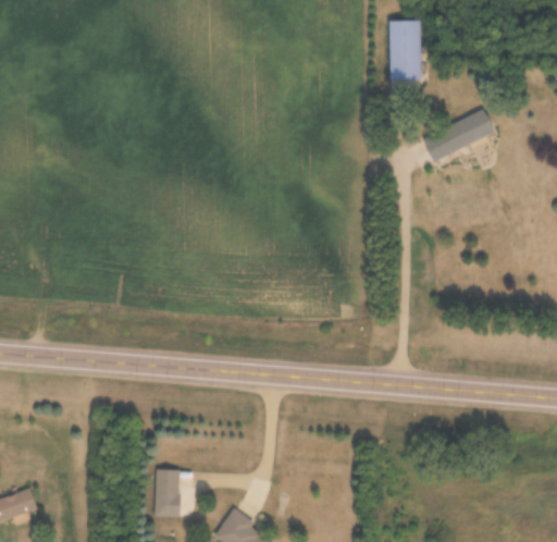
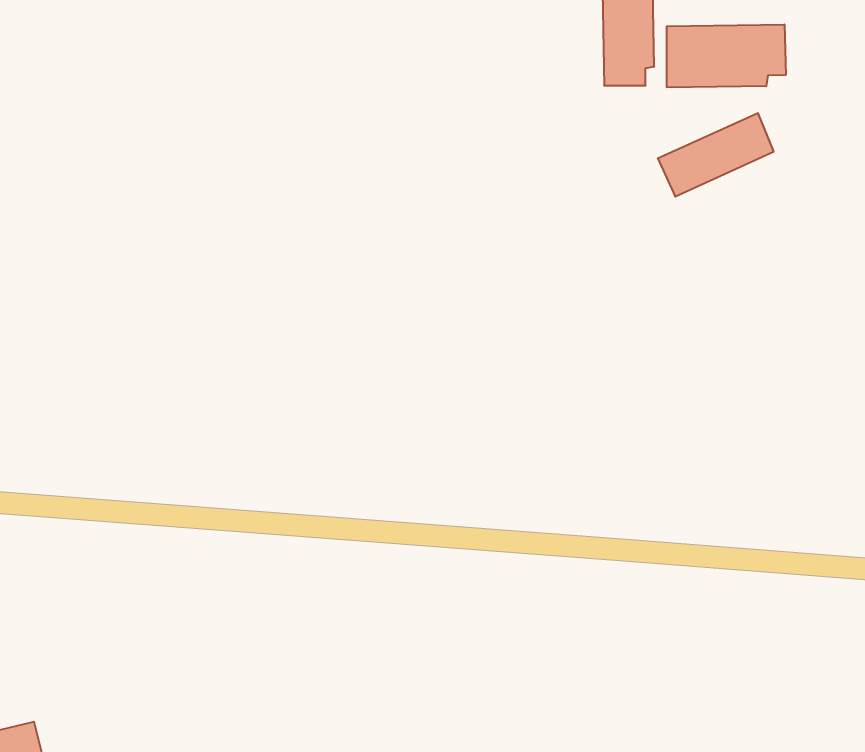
building: none -> [667,24,786,87]
building: [156,470,184,505] -> none

